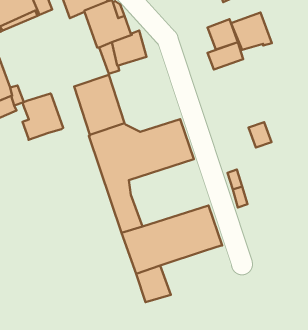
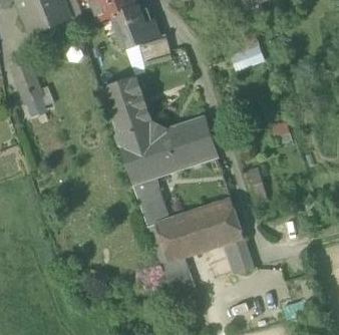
building: [231,13,272,50] -> none
building: [23,94,63,140] -> none
building: none -> [228,237,253,271]

